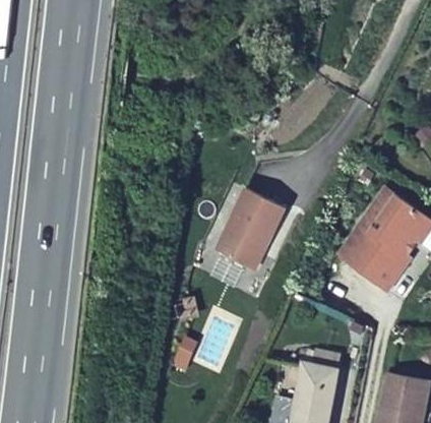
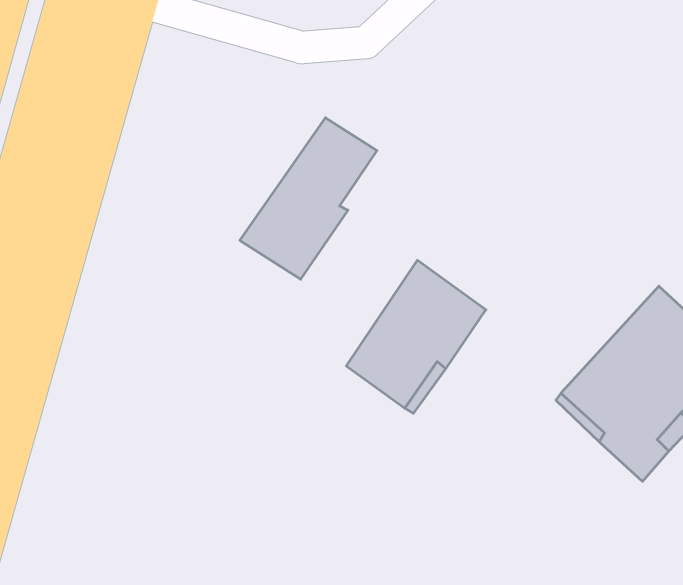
building: none -> [240,118,377,279]

